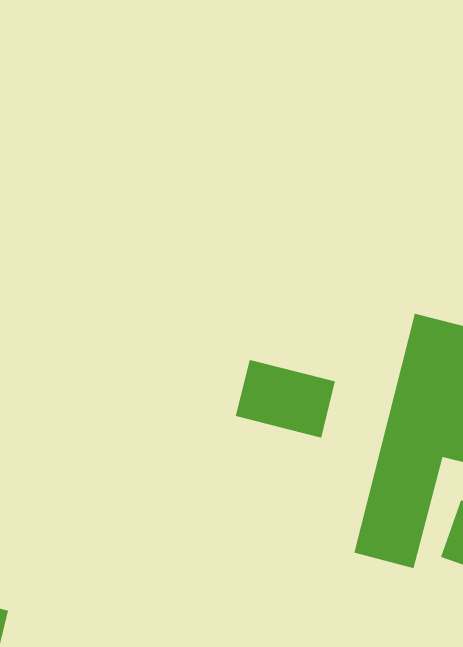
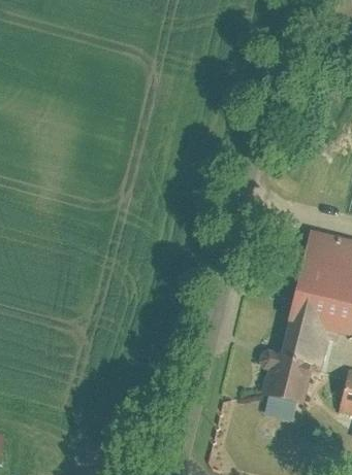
building: [235,359,336,438] -> none

